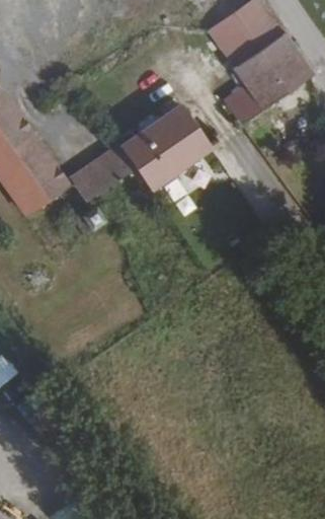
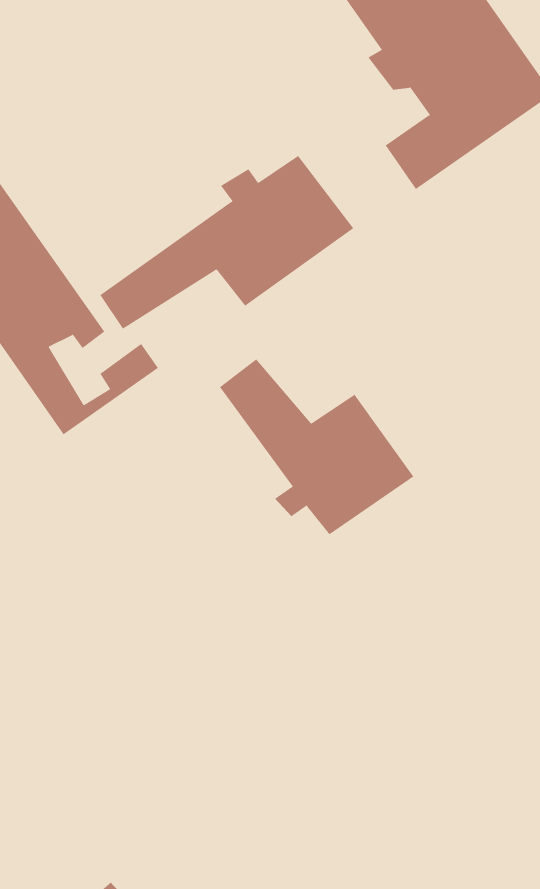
building: none -> [219,359,414,535]

